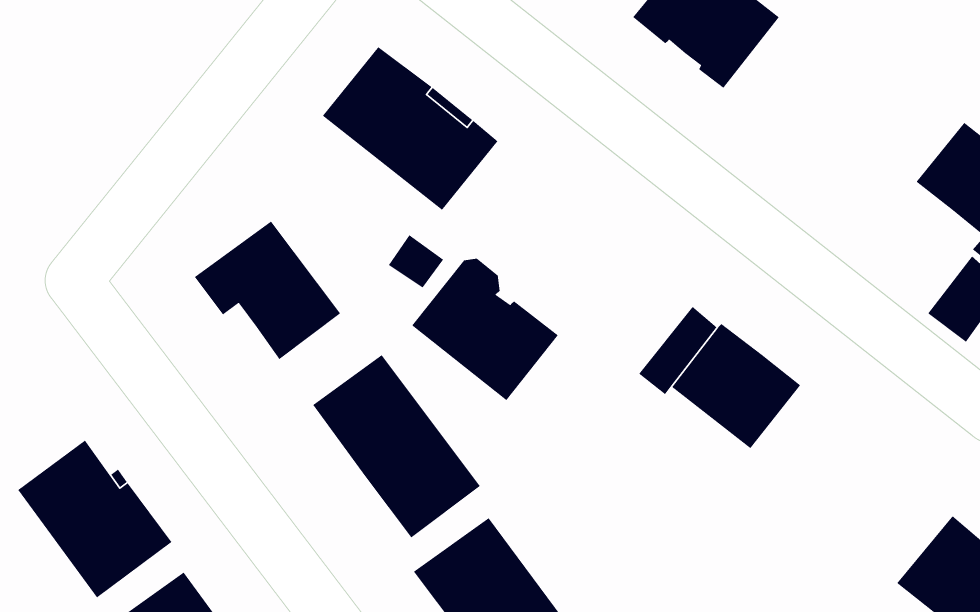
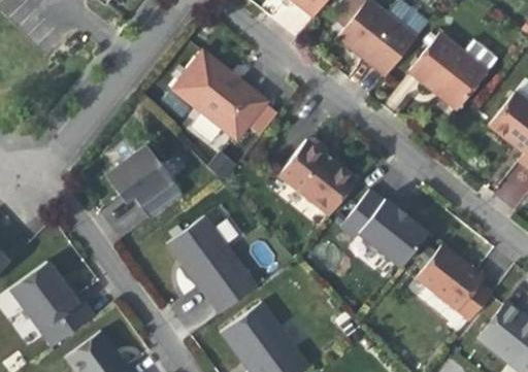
building: none -> [409,33,489,110]
building: [411,258,559,401] -> [279,140,358,216]
building: none -> [417,245,492,320]

